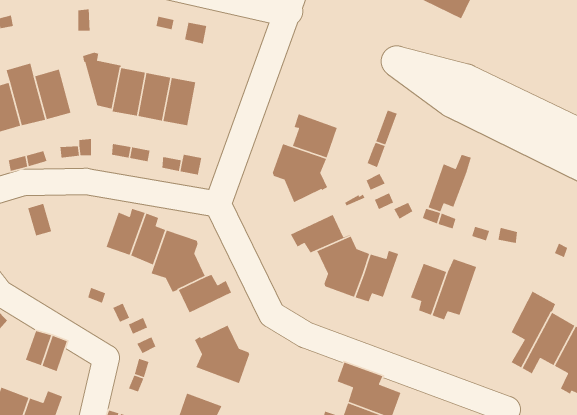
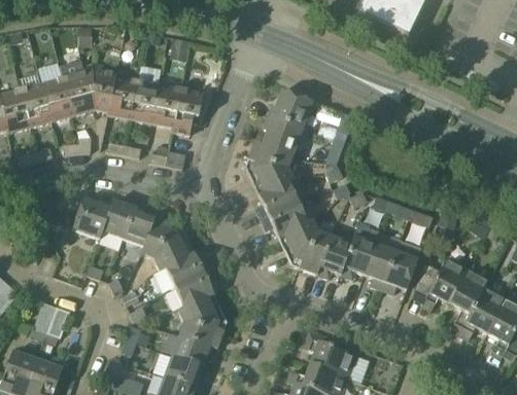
building: none -> [60,61,95,116]
building: none -> [173,89,203,136]
building: none -> [268,91,312,129]
building: [427,154,472,212] -> [341,228,379,279]
building: none -> [255,182,298,220]
building: none -> [63,194,113,239]
building: none -> [412,257,469,311]
building: none -> [174,271,216,309]
building: none -> [172,334,217,367]

